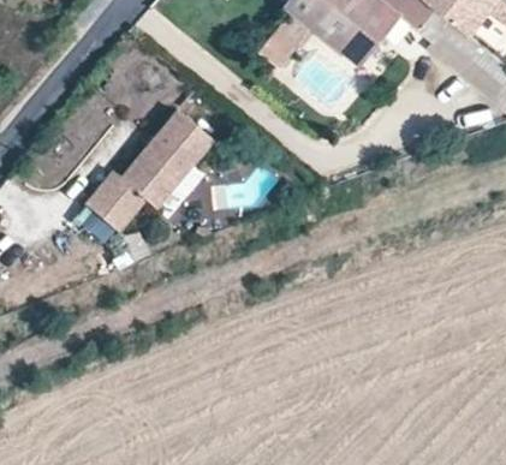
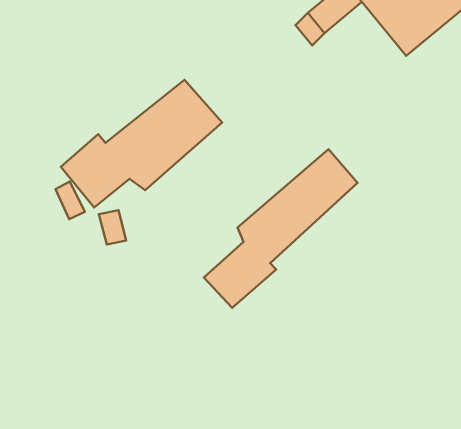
building: none -> [204,149,357,308]

